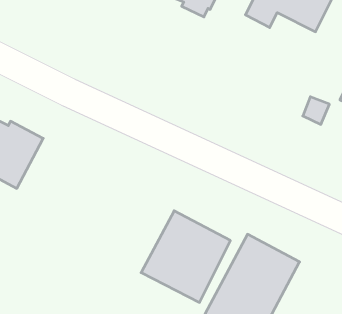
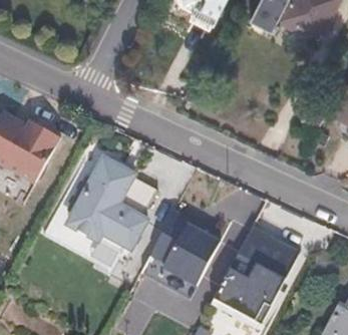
building: none -> [65,159,156,251]

